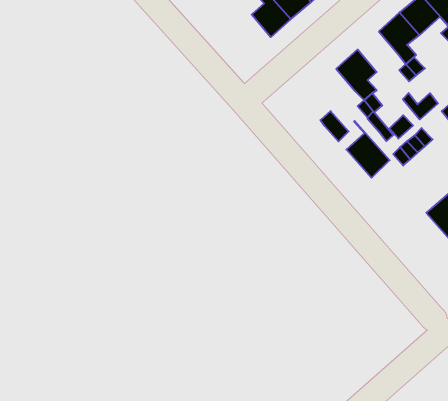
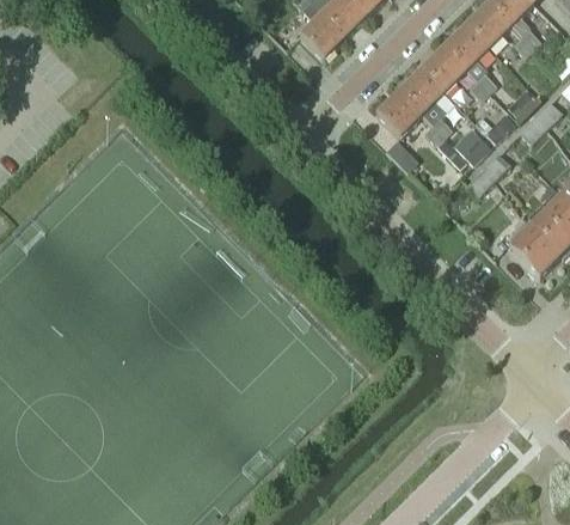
building: none -> [421,45,466,91]
building: none -> [375,90,421,135]
building: [346,121,390,178] -> none

